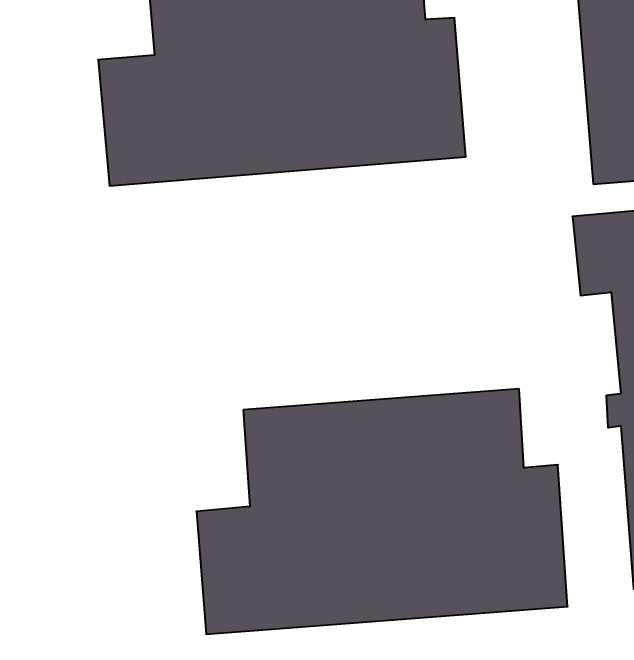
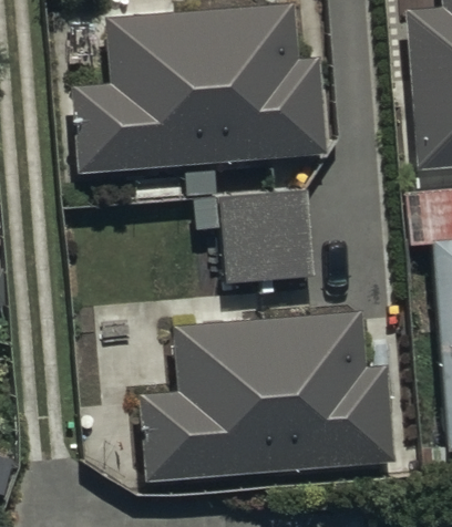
building: none -> [220,190,316,285]

